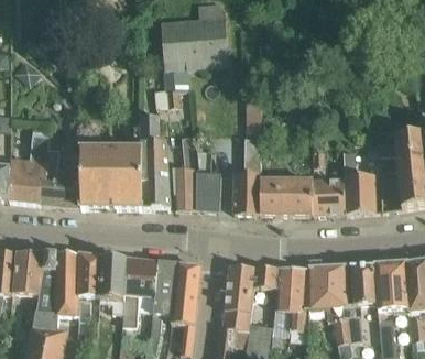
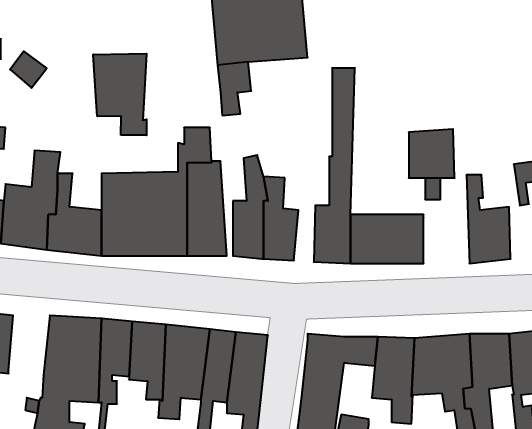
building: none -> [93,54,147,135]
building: [313,178,346,214] -> [409,129,455,178]
building: [13,251,43,294] -> none

